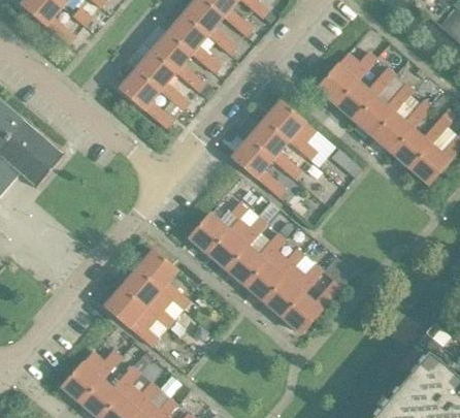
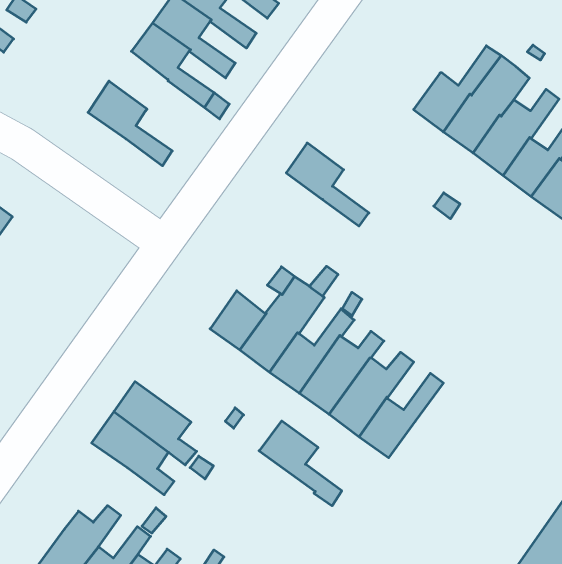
building: [318,49,377,103] -> none
building: [136,50,189,108] -> none
building: [264,100,336,167] -> none
building: [233,138,286,196] -> none
building: [137,250,190,309] -> [259,421,342,506]

